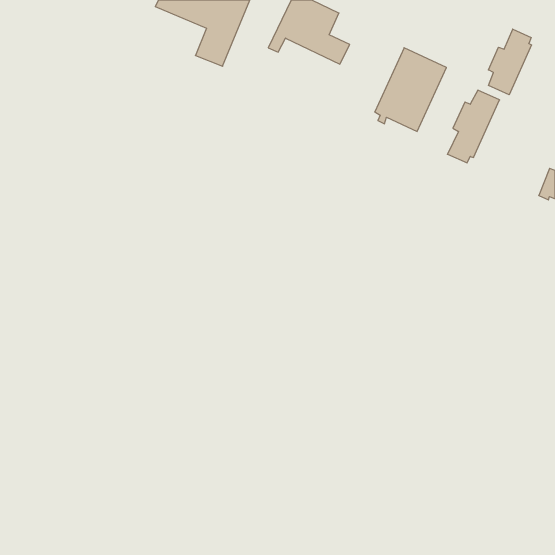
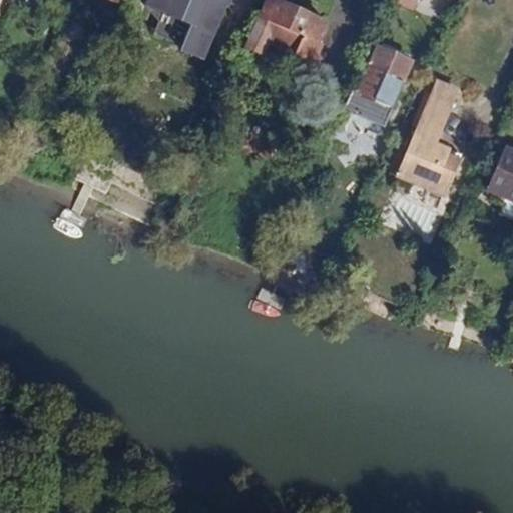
building: [488,29,532,95] -> none
building: none -> [398,142,459,196]

